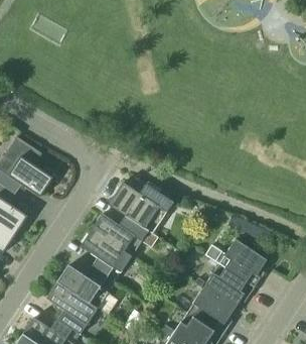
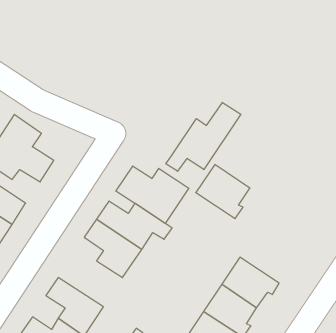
building: none -> [166,102,241,171]
building: [217,239,266,288] -> [196,164,250,219]
building: [55,265,117,314] -> none

